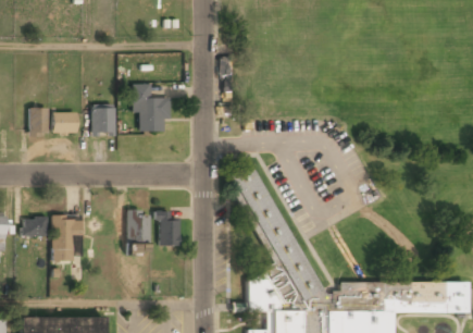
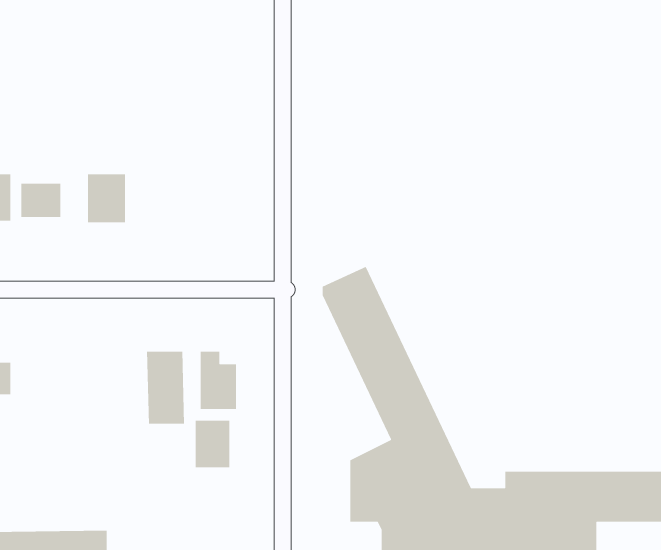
building: [135,84,170,133] -> none
building: [54,217,82,262] -> none
building: none -> [195,420,230,468]

